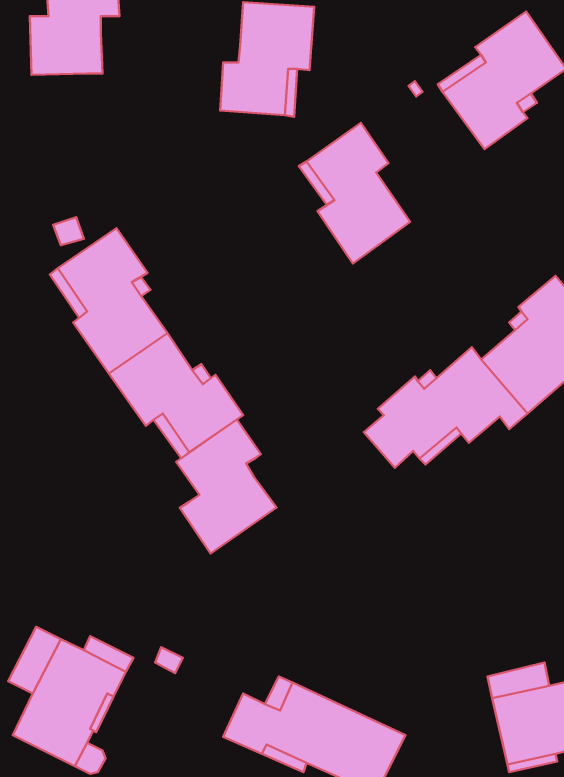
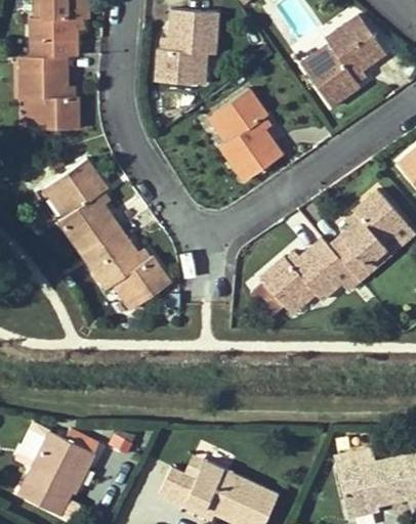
building: none -> [20,56,79,130]
building: [176,420,276,554] -> none

